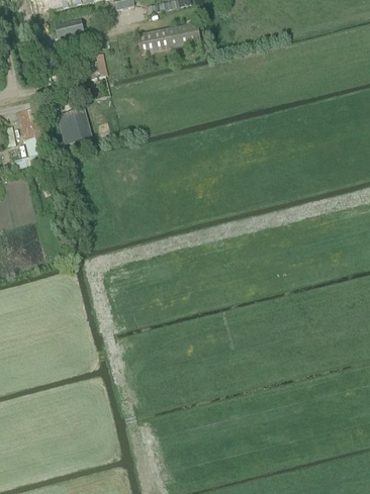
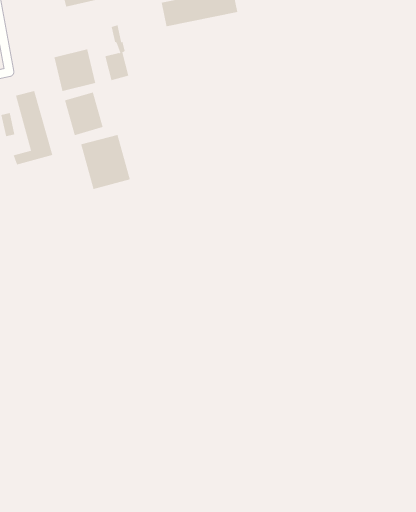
building: none -> [54,48,96,92]
building: none -> [81,134,131,190]

